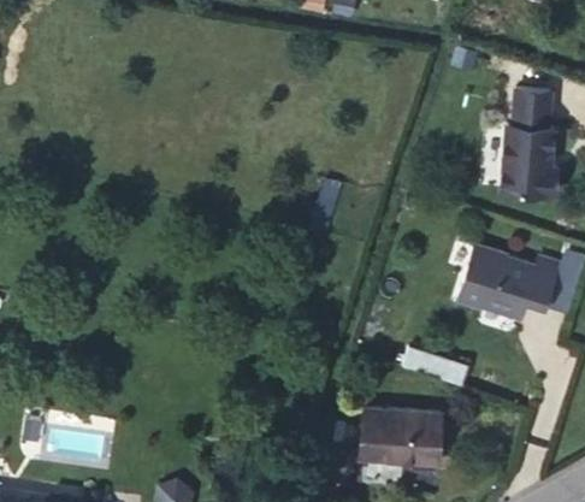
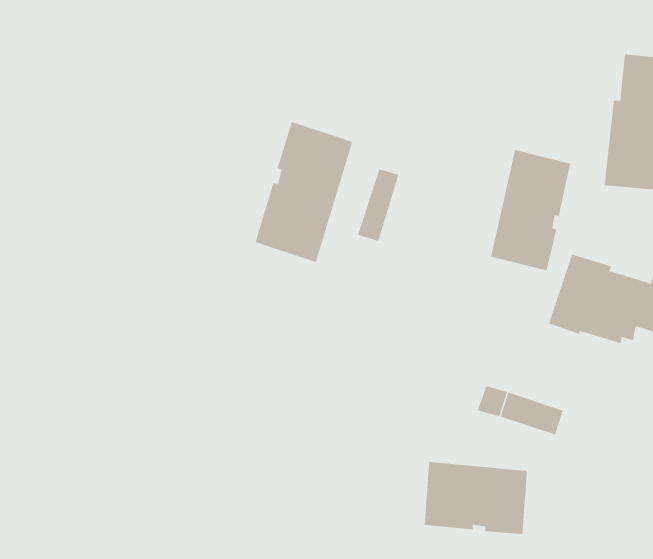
building: none -> [255,121,353,263]
building: none -> [491,149,571,271]

